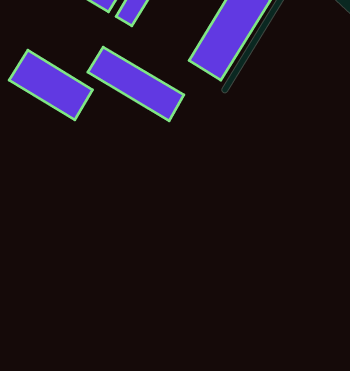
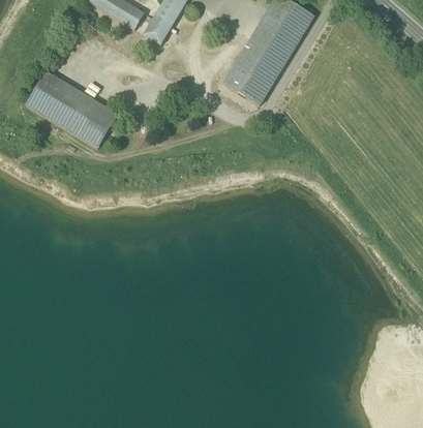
building: [88,47,184,121] -> none

